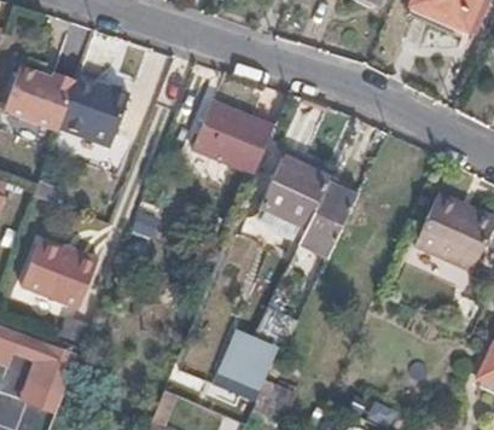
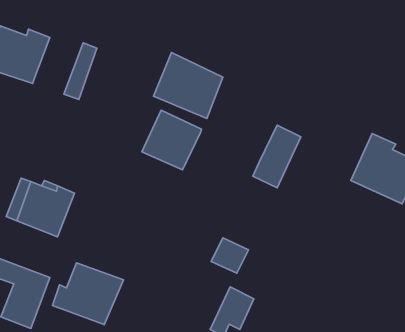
building: [56,82,112,146] -> none
building: [266,156,333,223] -> [142,110,202,170]
building: [228,337,279,390] -> none
building: none -> [53,263,124,325]

